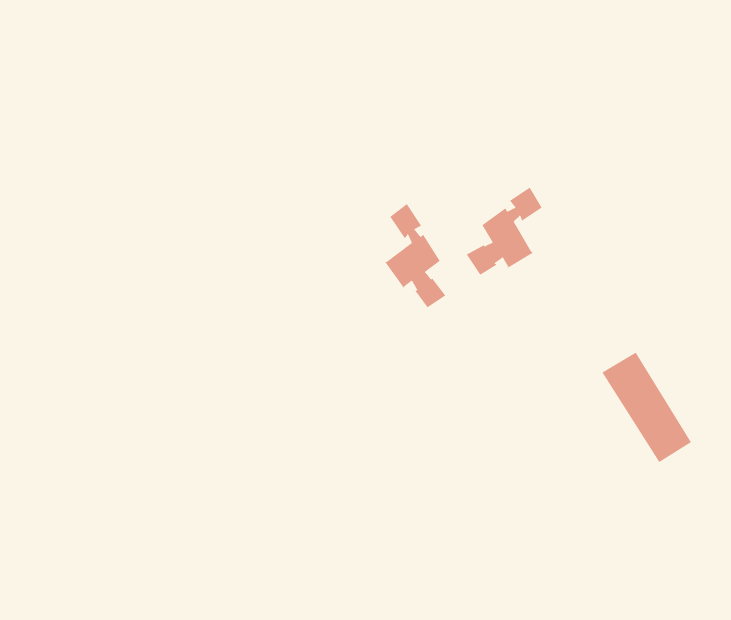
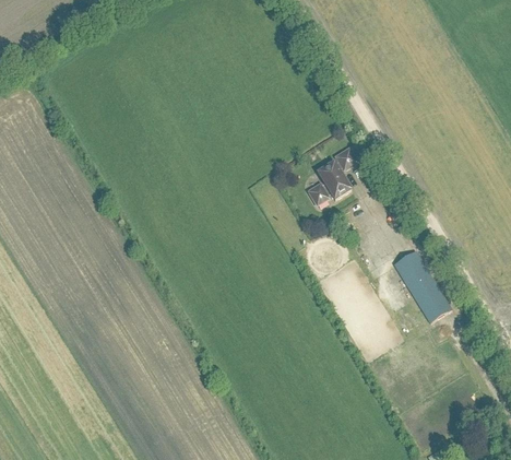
building: [385,203,446,308] -> none

